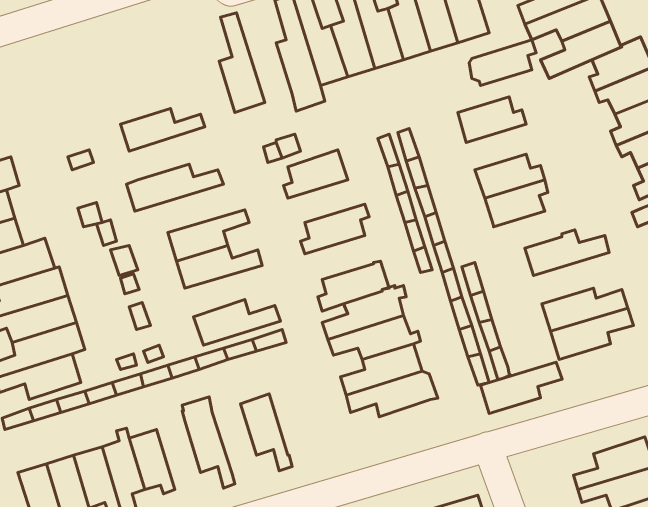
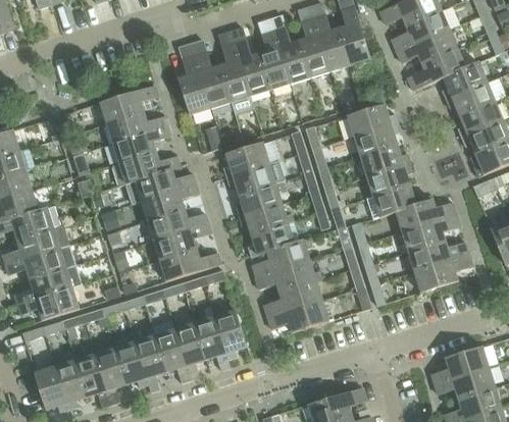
building: none -> [190,40,230,108]
building: [469,40,536,86] -> [352,123,400,156]
building: none -> [100,85,158,123]
building: none -> [113,125,170,163]
building: none -> [226,160,285,194]
building: none -> [124,169,196,204]
building: none -> [365,186,422,219]
building: none -> [239,203,293,234]
building: none -> [153,224,211,261]
building: [481,362,562,414] -> [402,215,460,252]
building: none -> [213,310,247,360]
building: none -> [172,323,204,380]
building: none -> [133,328,164,392]

